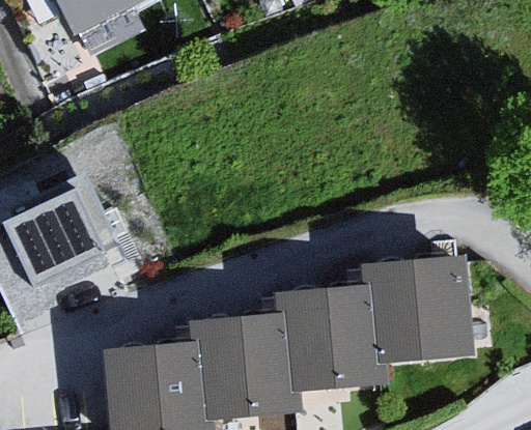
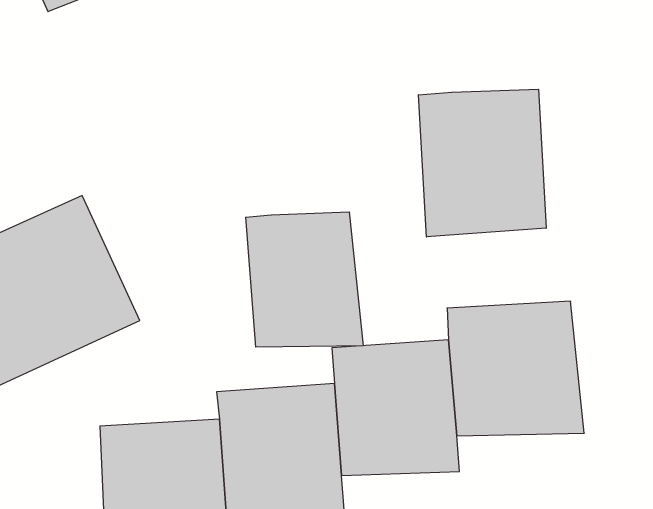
building: none -> [419,89,546,237]
building: none -> [246,212,363,347]

